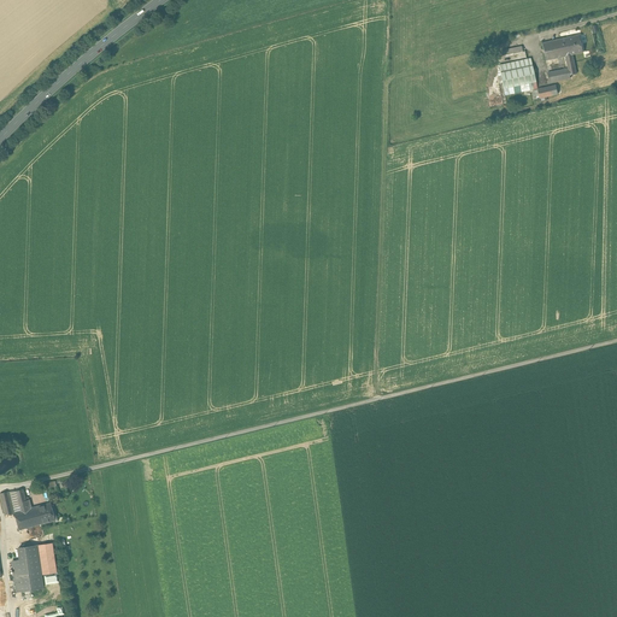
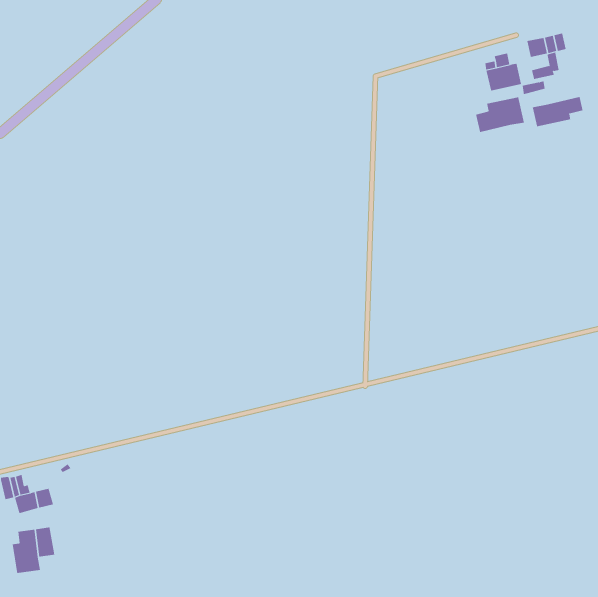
building: none -> [532,96,583,127]
building: none -> [475,96,524,133]

